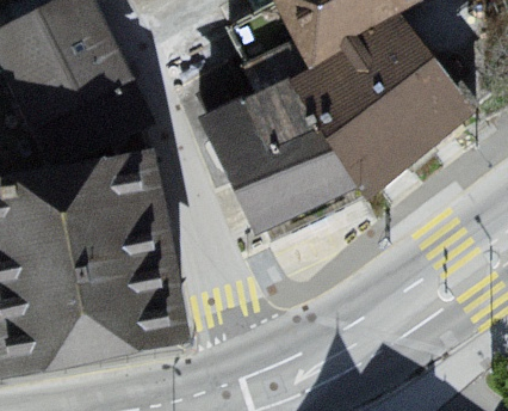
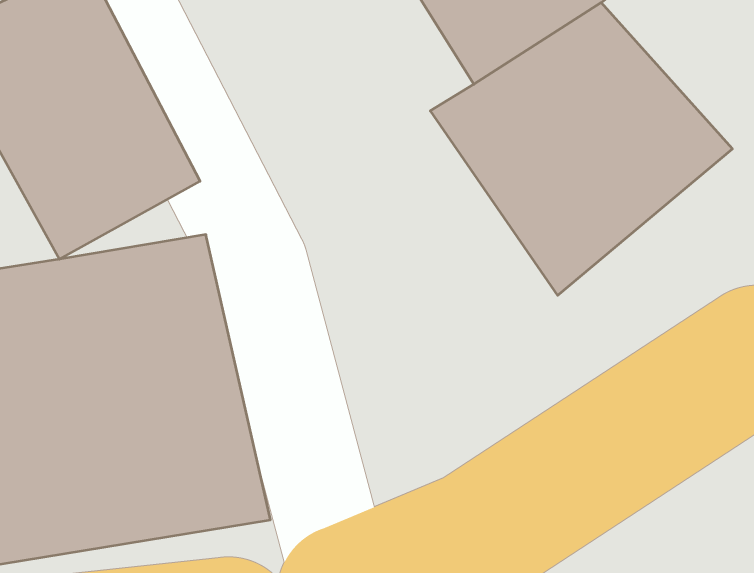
building: [202,82,359,238] -> none

